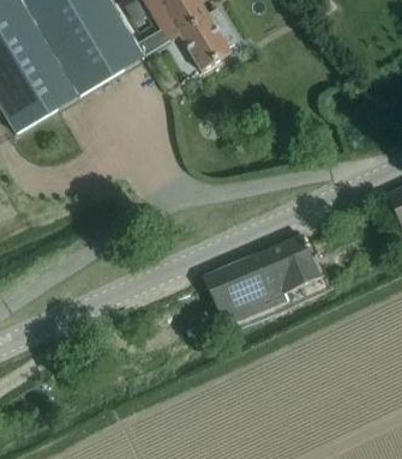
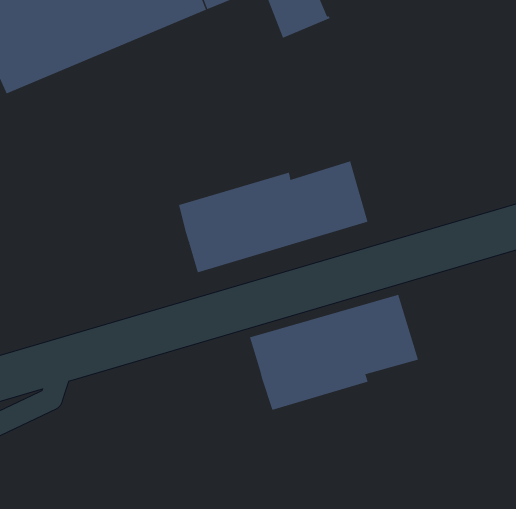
building: none -> [178,161,368,273]

